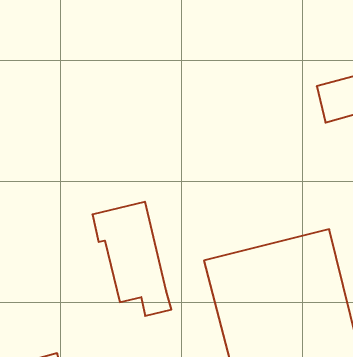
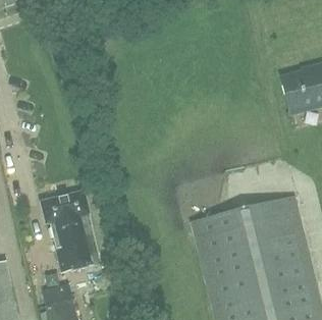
building: [92,202,171,316] -> [40,190,104,282]

